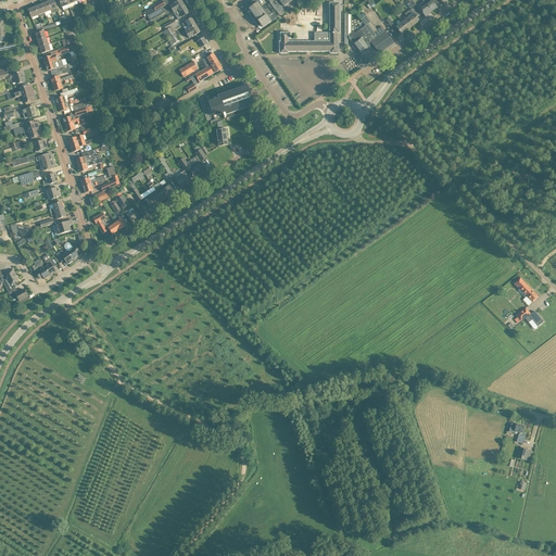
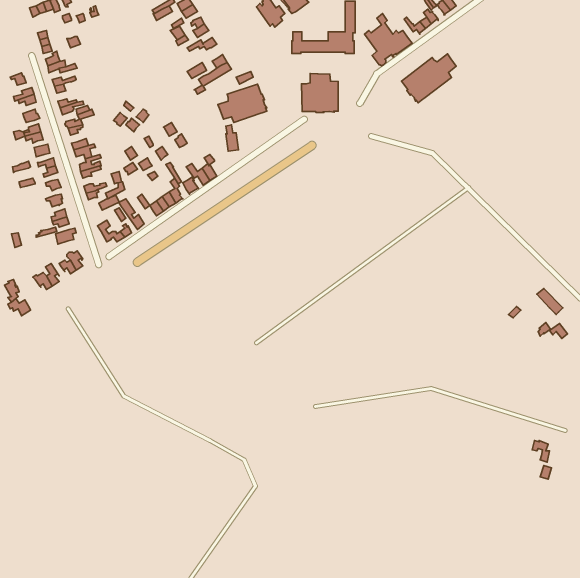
building: none -> [401,54,456,103]
building: none -> [302,74,338,113]

